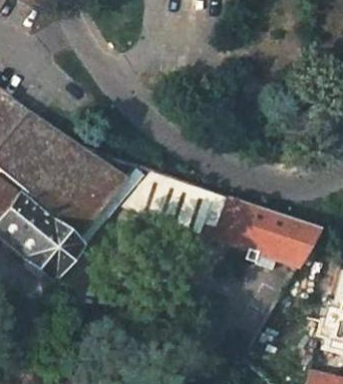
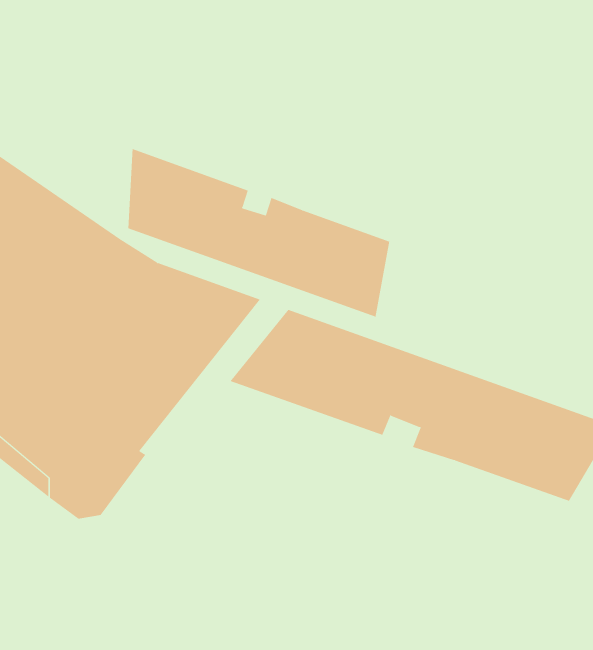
building: none -> [128,148,390,318]

